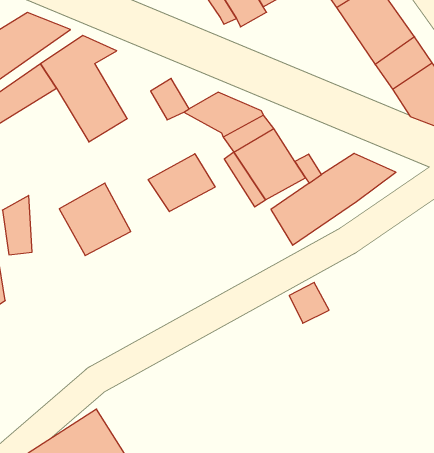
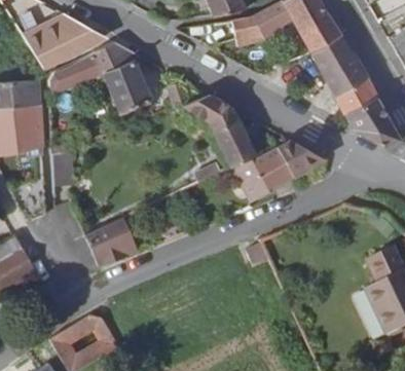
building: [148,154,215,212] -> none
building: [59,183,131,256] -> [85,208,134,257]

